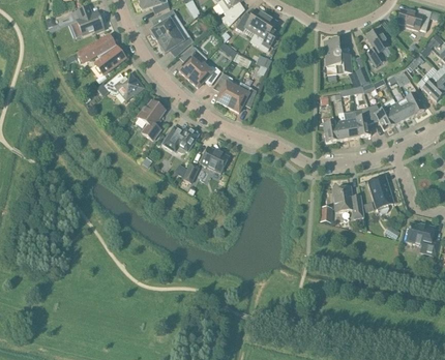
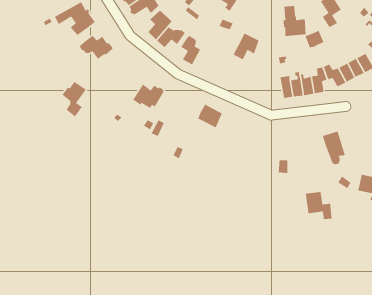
building: [228,82,257,112] -> [233,33,259,60]
building: [138,100,165,140] -> [62,81,87,117]
building: [200,146,228,173] -> [197,103,223,128]
building: [332,186,362,217] -> [305,191,333,220]

